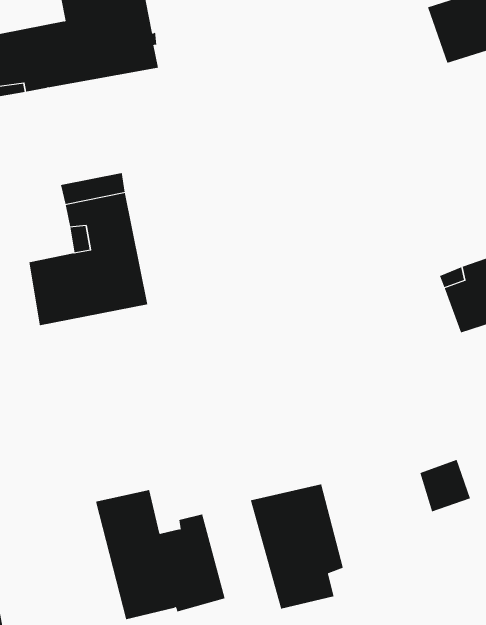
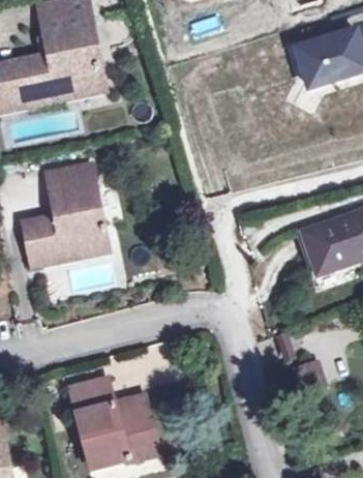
building: [250,483,343,610] -> none

